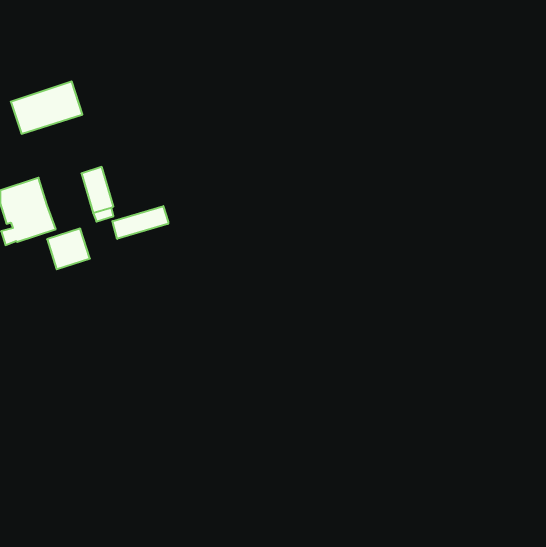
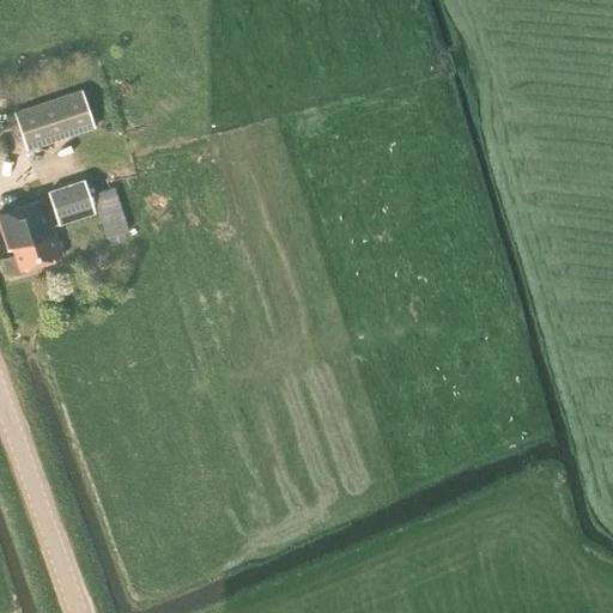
building: [112,206,168,239] -> none
building: [47,229,90,269] -> [47,180,95,225]

